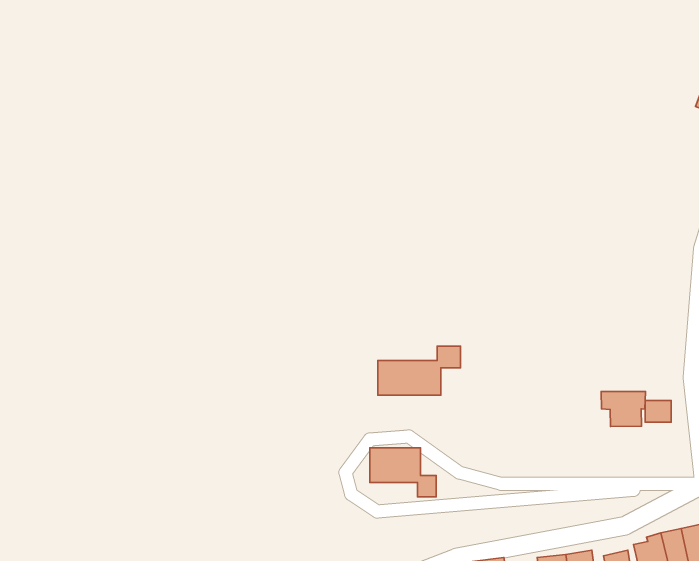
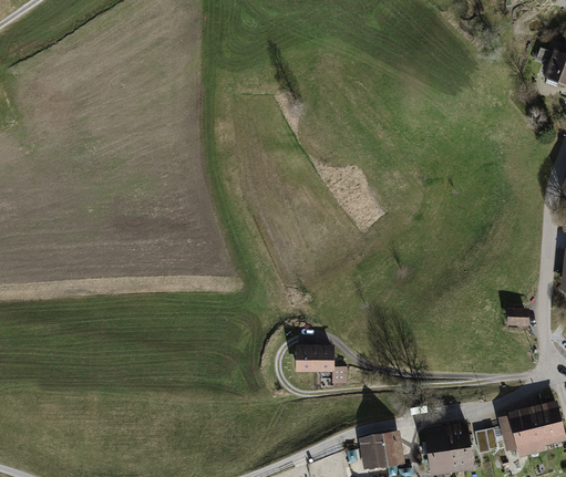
building: [378,346,461,395] -> none
building: [601,392,645,427] -> none

